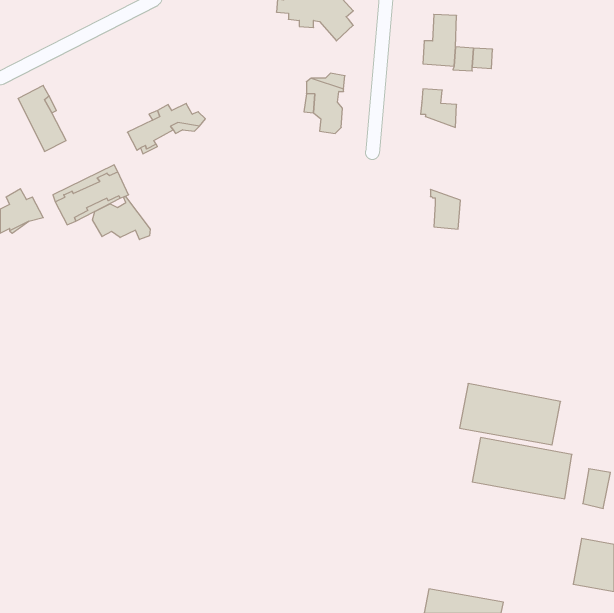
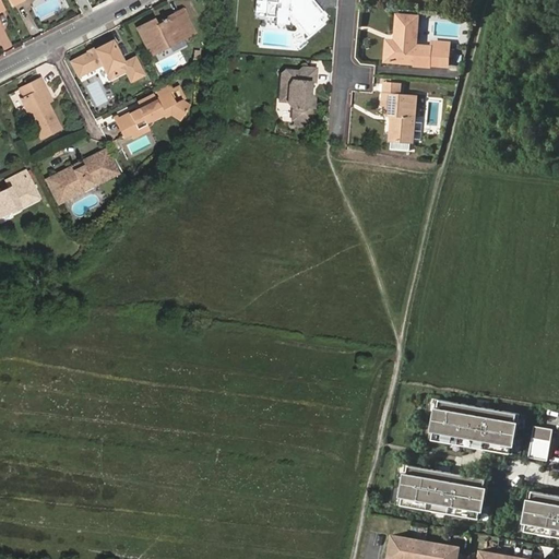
building: none -> [138,10,194,55]
building: none -> [71,41,141,82]
building: [430,189,460,229] -> [386,106,414,142]
building: [93,197,150,240] -> none
building: [460,384,561,445] -> [399,463,490,519]

